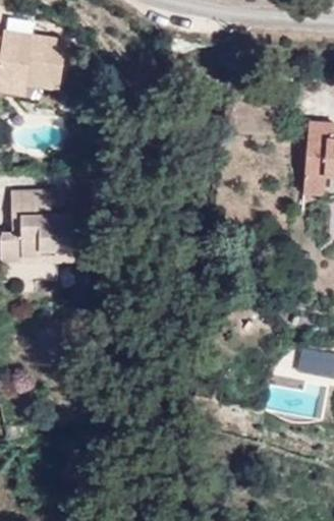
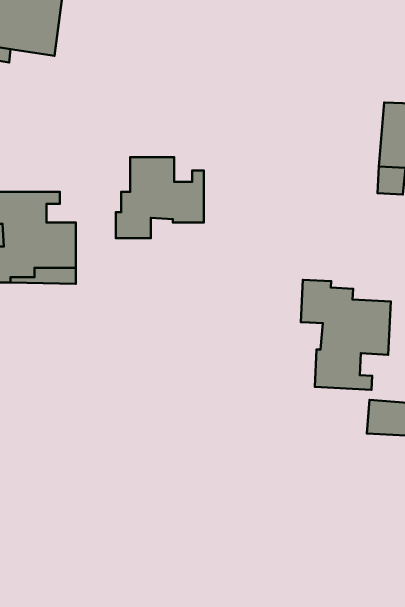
building: none -> [116,157,204,238]
building: none -> [301,280,391,390]

